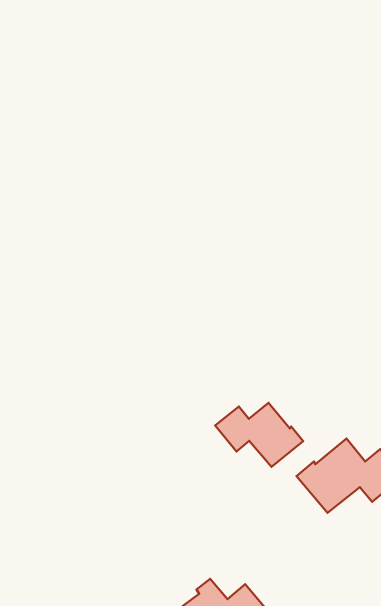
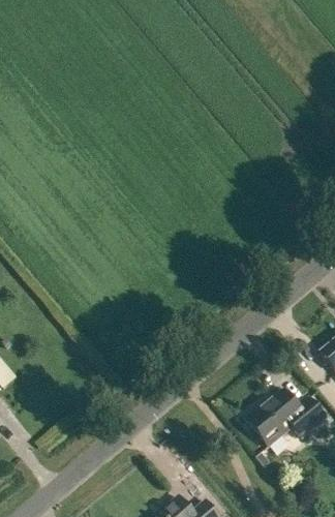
building: [215,403,303,467] -> none

